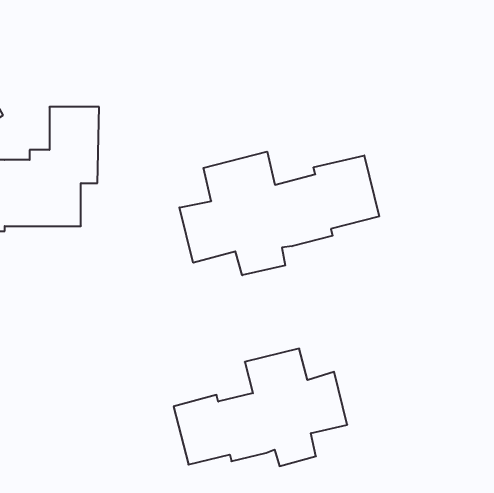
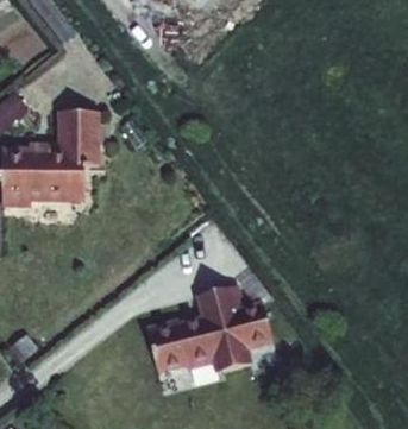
building: [179,152,379,275] -> none

